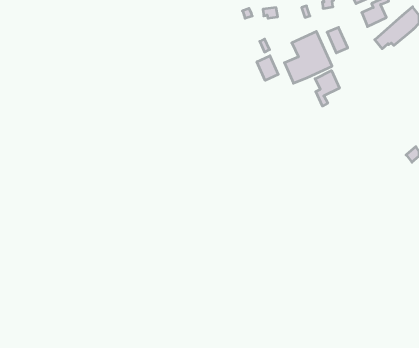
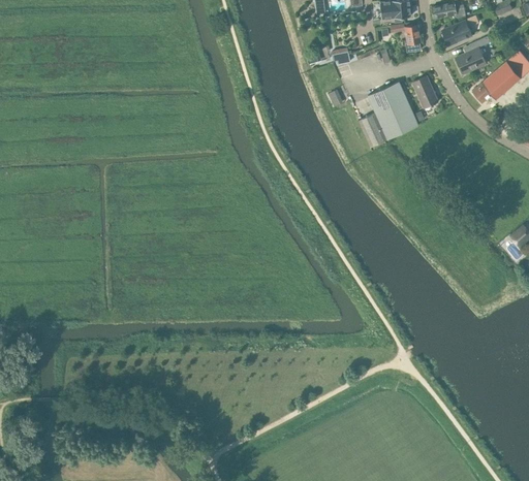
building: [257,56,278,80] -> none
building: [315,71,339,106] -> none

